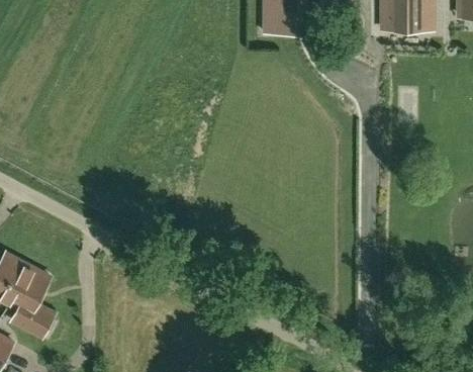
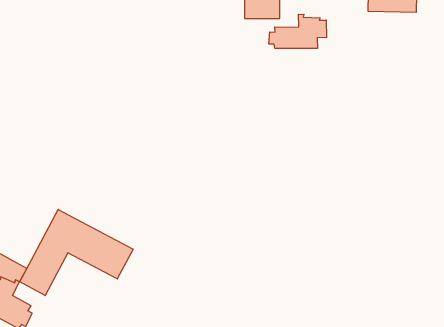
building: none -> [269,14,327,48]
building: none -> [20,209,133,296]

